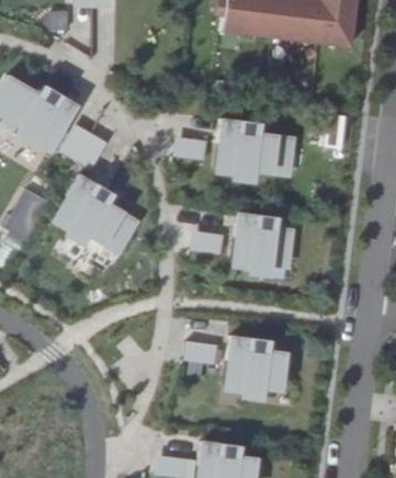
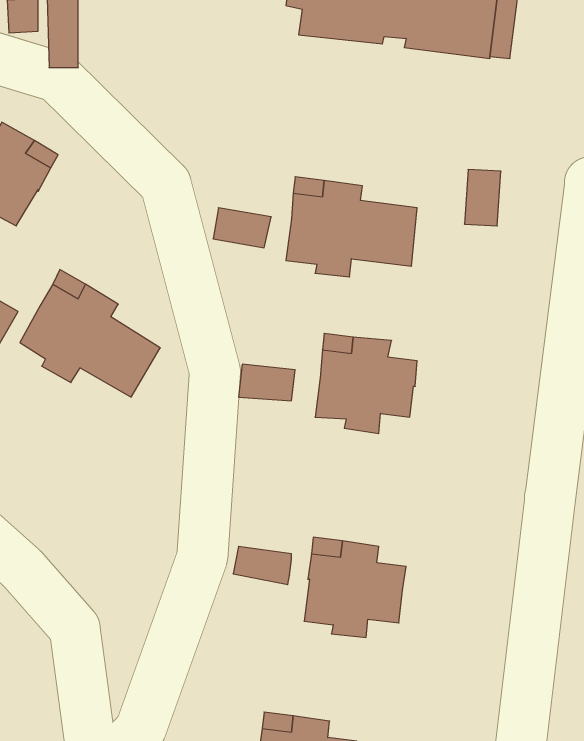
building: [56,123,105,170] -> none

